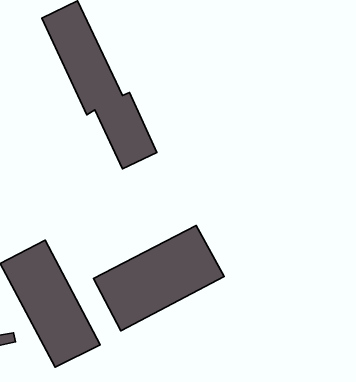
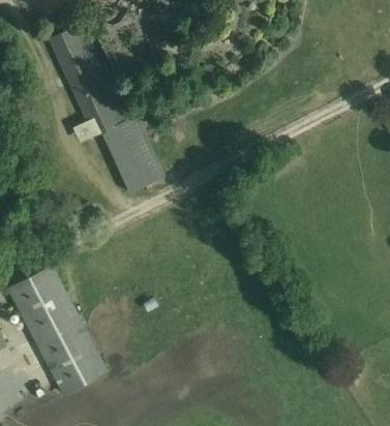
building: [94,225,224,331] -> none

